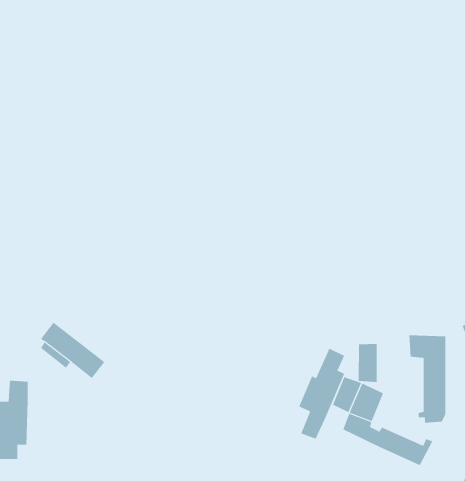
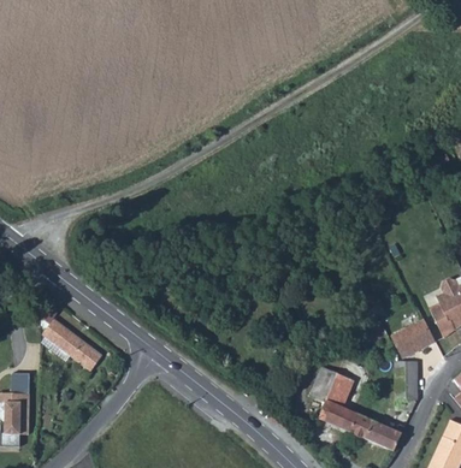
building: [358,343,377,383] -> none
building: [299,348,345,440] -> none

